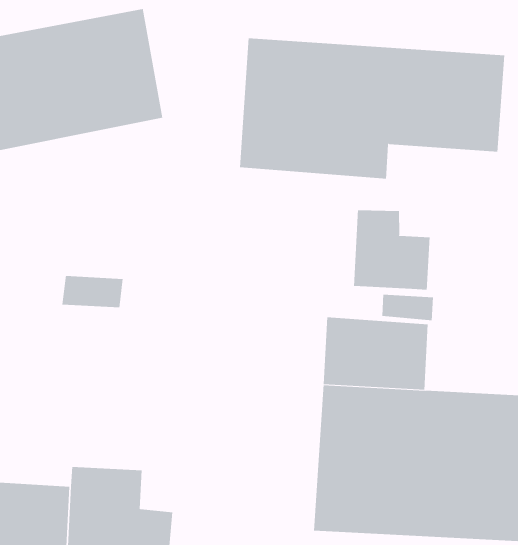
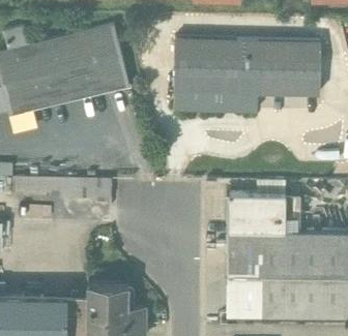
building: [353,210,430,290] -> none

